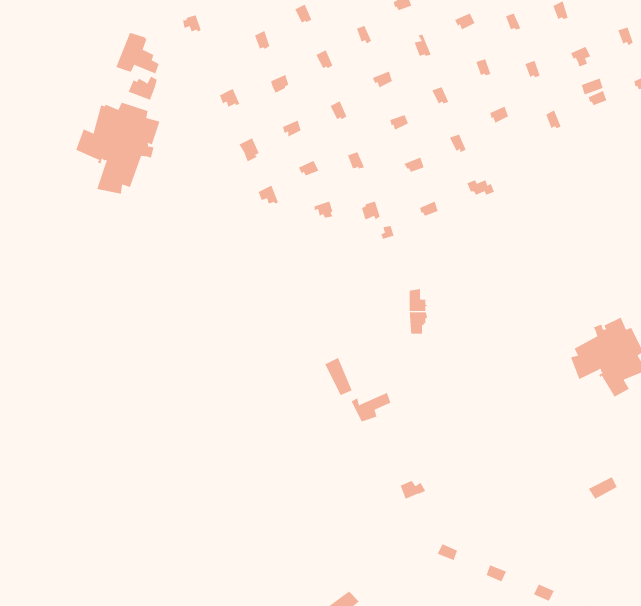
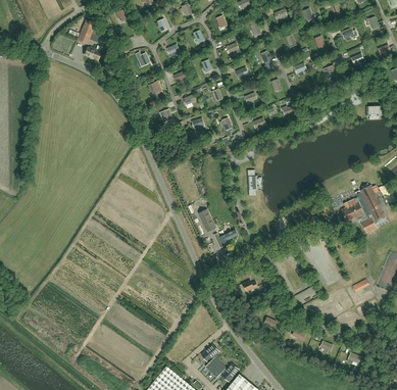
building: [75,102,160,194] -> none

